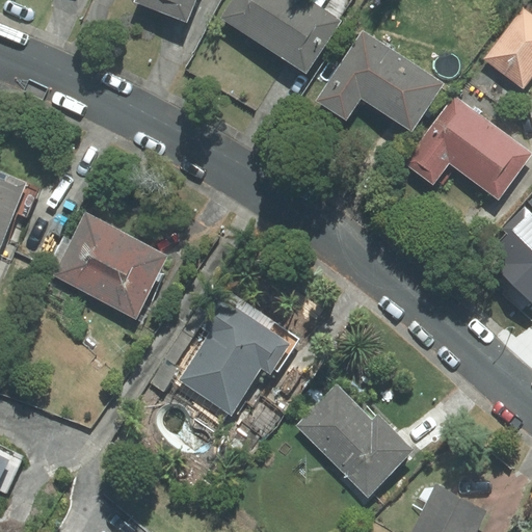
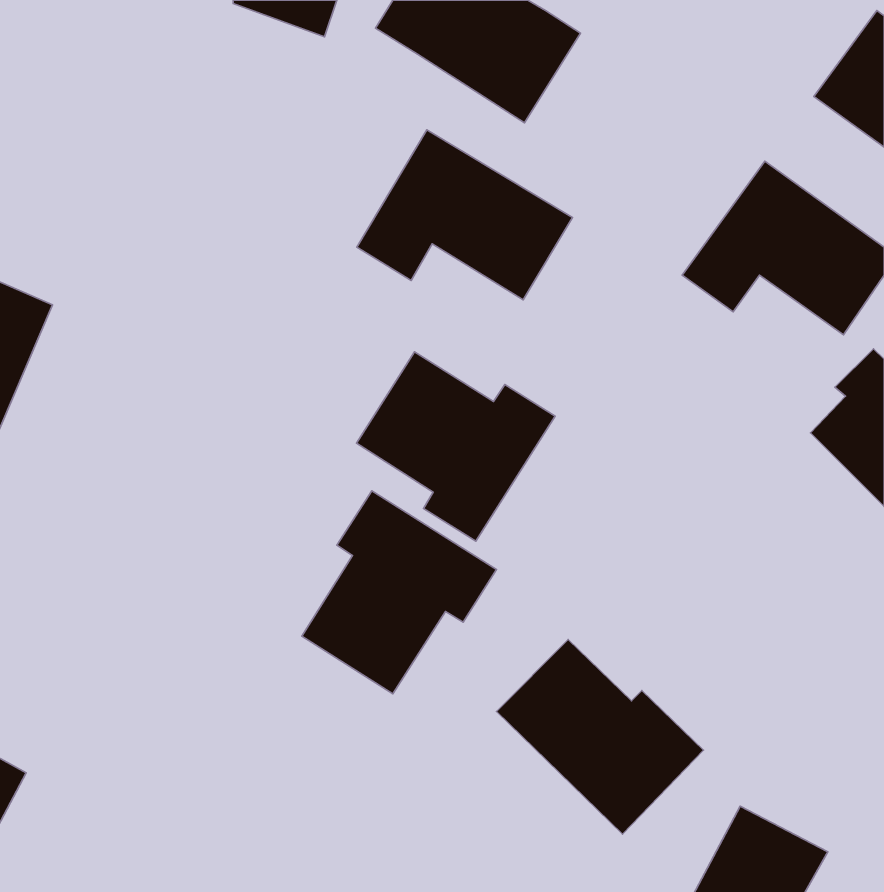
building: [319,32,447,133] -> [357,130,572,300]
building: none -> [356,352,555,541]
building: [53,213,172,321] -> none

